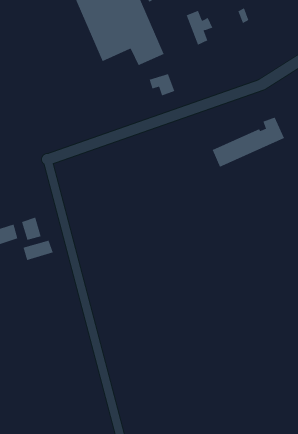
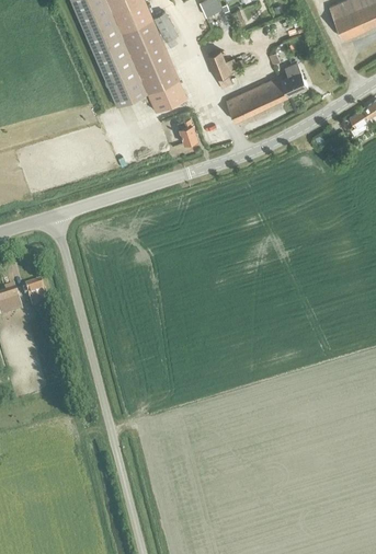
building: [212,117,285,167] -> [228,61,310,118]
building: [23,240,53,261] -> none

